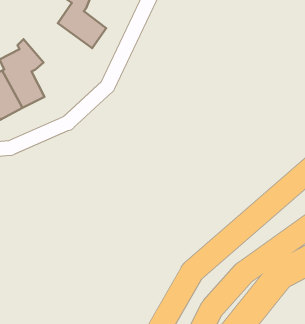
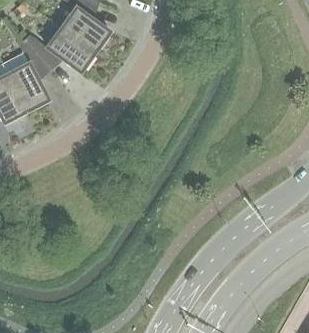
building: none -> [27,26,95,71]

